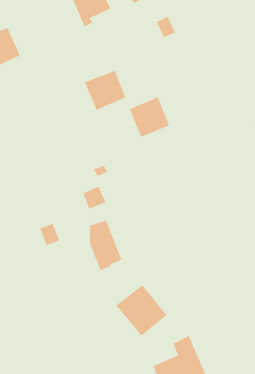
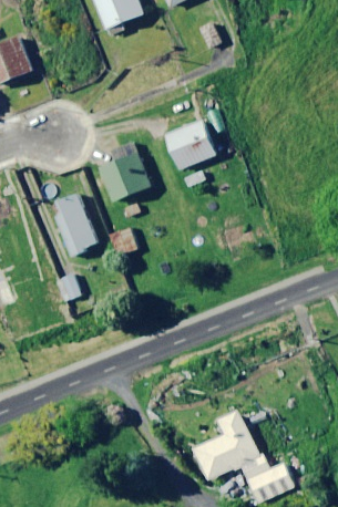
building: [84,70,126,110] -> [101,153,152,201]
building: [89,220,122,271] -> [58,194,98,256]
building: [116,285,167,336] -> none

